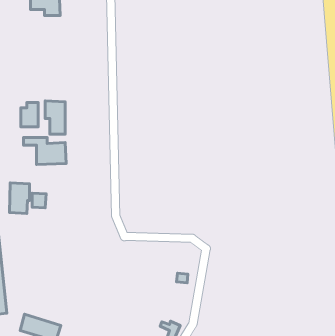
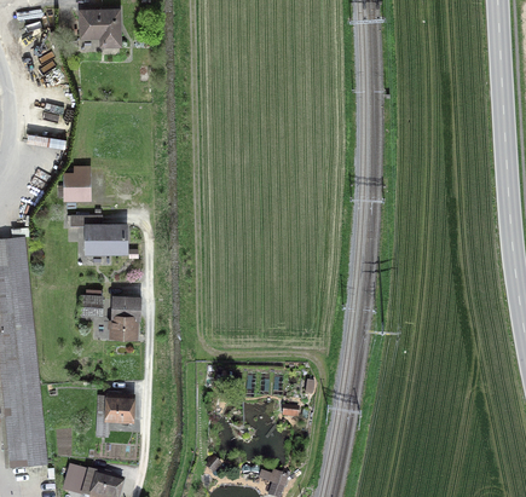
building: [45,101,65,134] -> none
building: [9,183,29,213] -> [112,296,140,339]
building: none -> [96,393,131,434]

